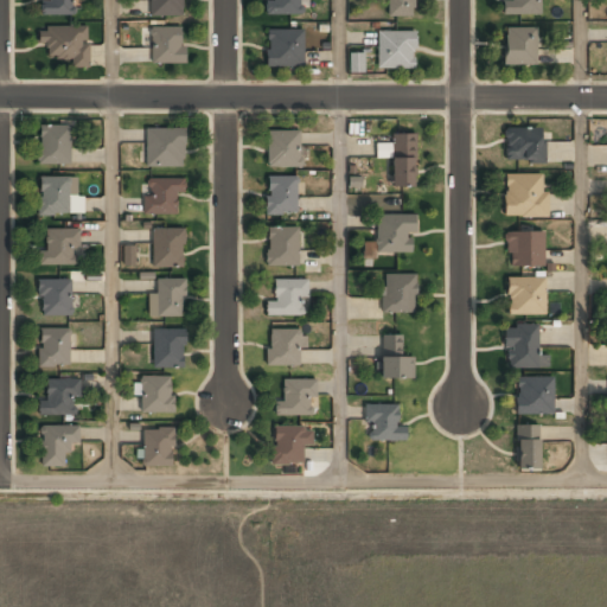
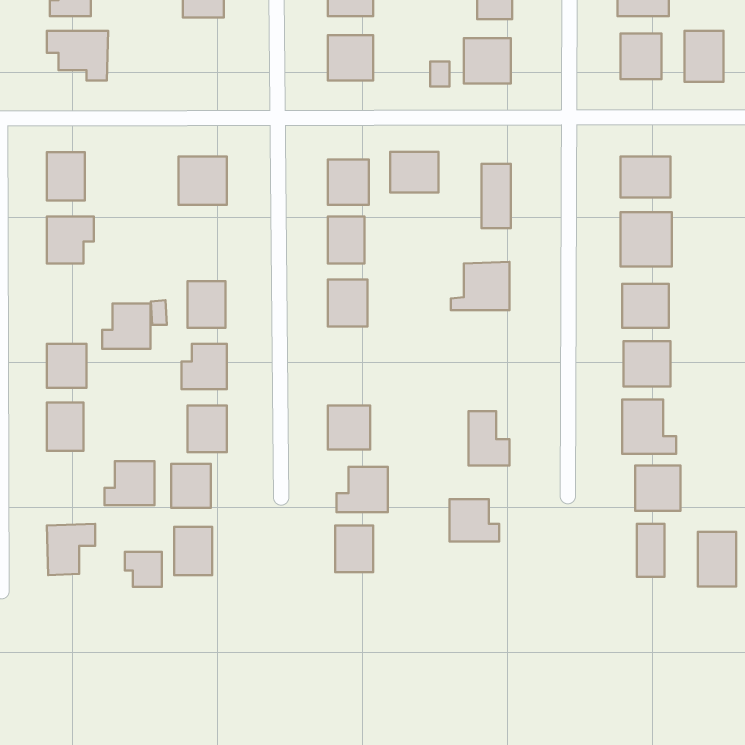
building: none -> [684,31,723,82]
building: [152,26,186,62] -> none
building: none -> [390,152,439,192]
building: [146,178,186,212] -> none
building: [39,228,78,264] -> [102,304,151,349]
building: [382,273,417,311] -> none
building: [267,279,307,314] -> none
building: [39,378,79,414] -> [105,461,154,505]
building: none -> [698,532,736,586]
building: none -> [125,552,162,587]

